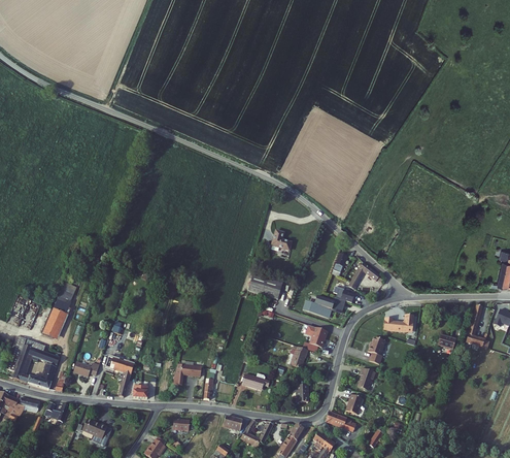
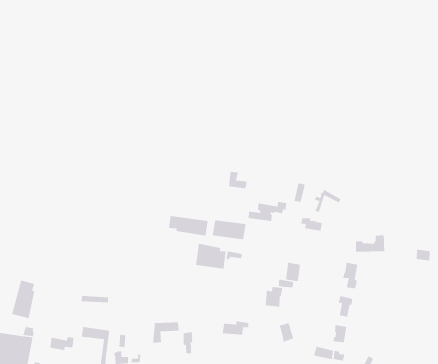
building: none -> [168,215,209,237]
building: none -> [195,243,226,269]
building: [305,296,346,317] -> [248,201,288,222]

